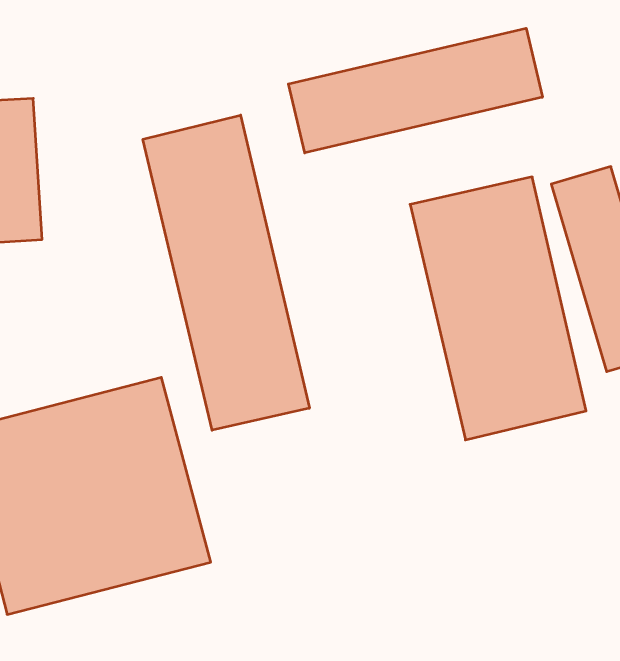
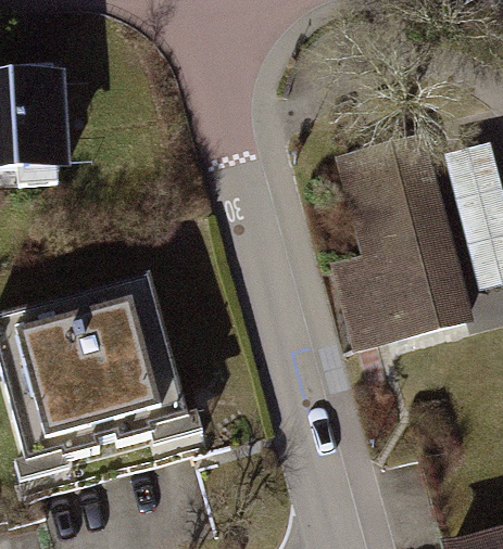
building: [288,28,542,153] -> none
building: [143,115,309,430] -> none

